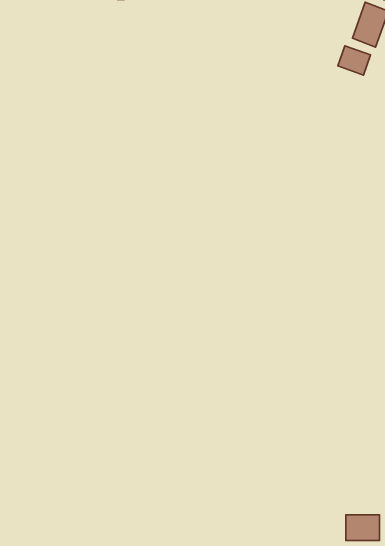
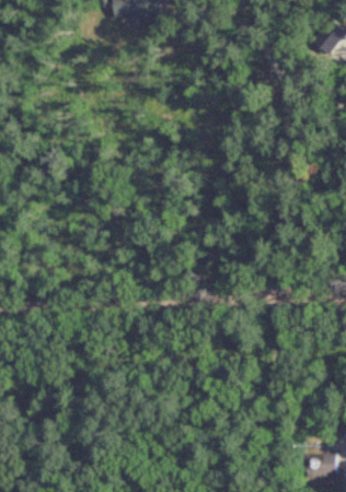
building: [338,46,371,75] -> none

